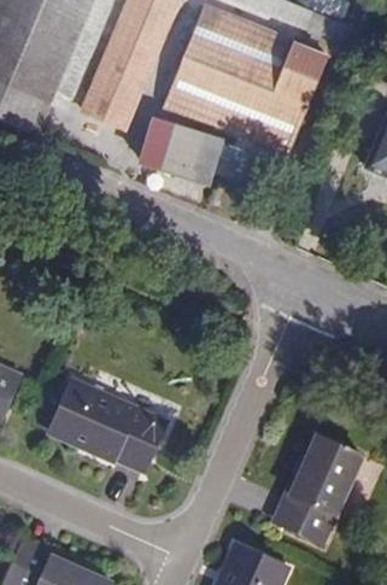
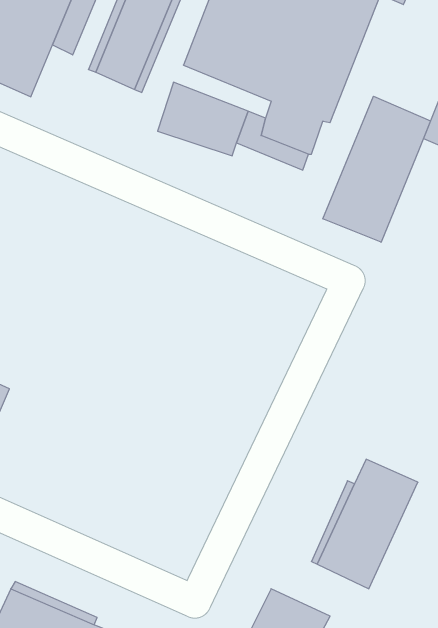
building: none -> [323,96,431,242]
building: [49,379,168,472] -> none

